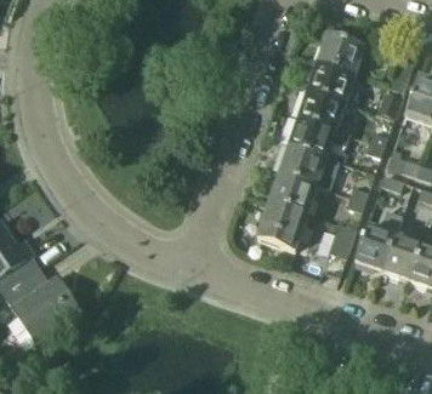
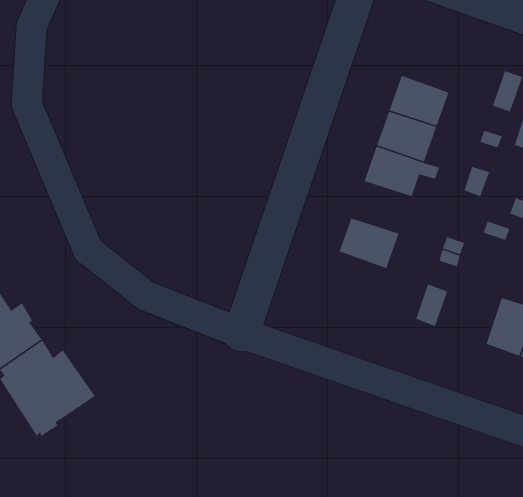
building: [318,34,365,75] -> none
building: [279,144,339,189] -> none
building: [257,199,307,250] -> none
building: [354,217,400,270] -> none

